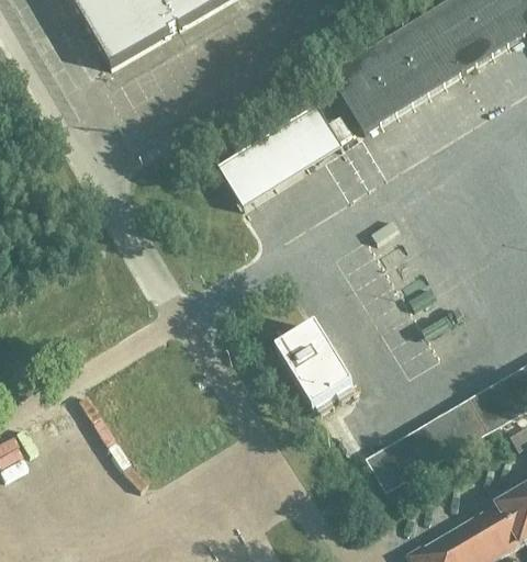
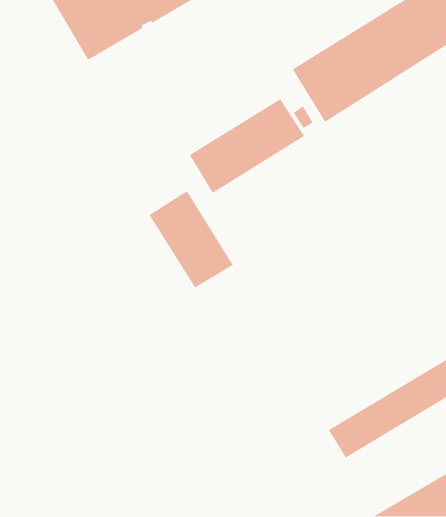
building: none -> [149,190,234,289]
building: [259,323,354,408] -> none

